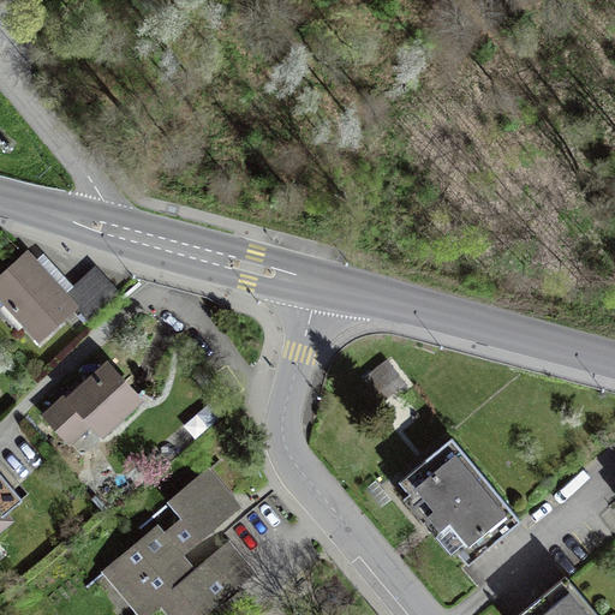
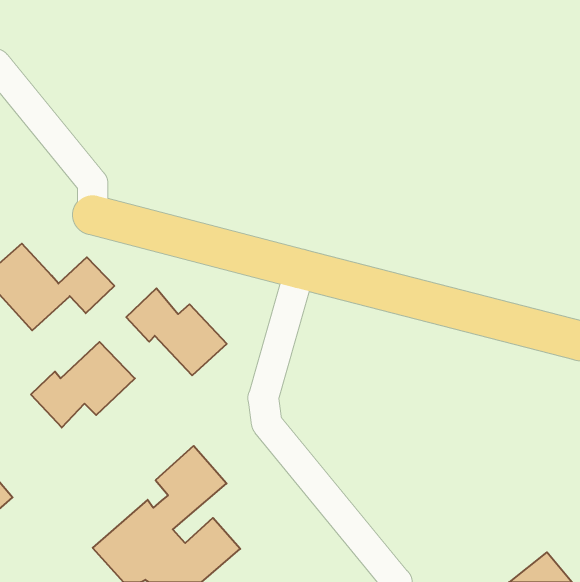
building: none -> [126,288,227,375]
building: [405,443,521,563] -> none

